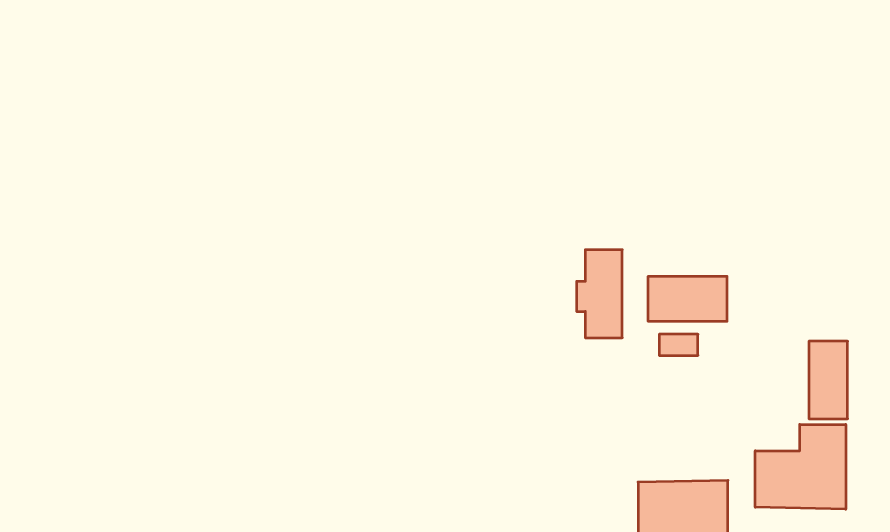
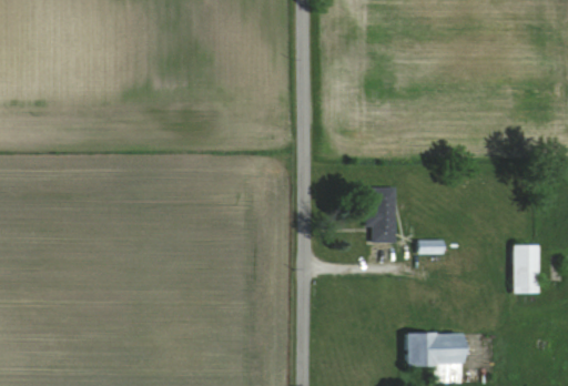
building: [648,276,727,321] -> none
building: [755,424,846,509] -> none

